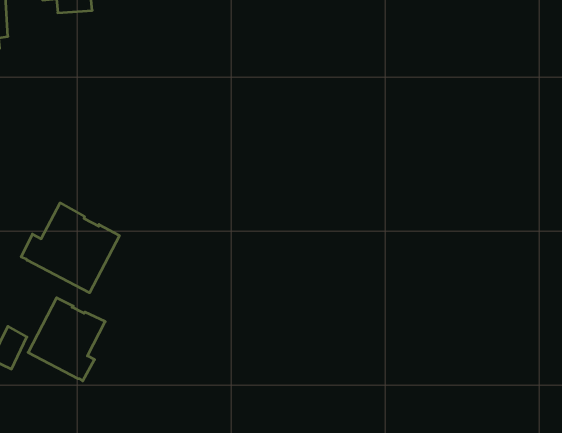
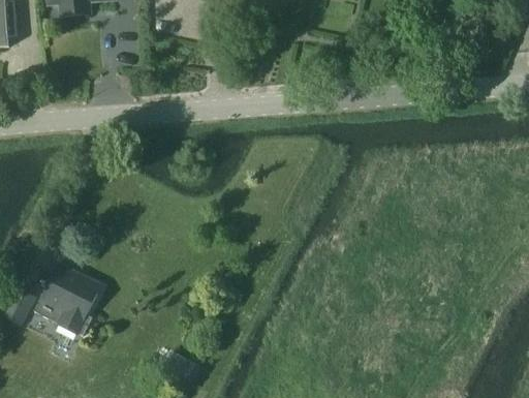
building: [21,203,119,293] -> none

